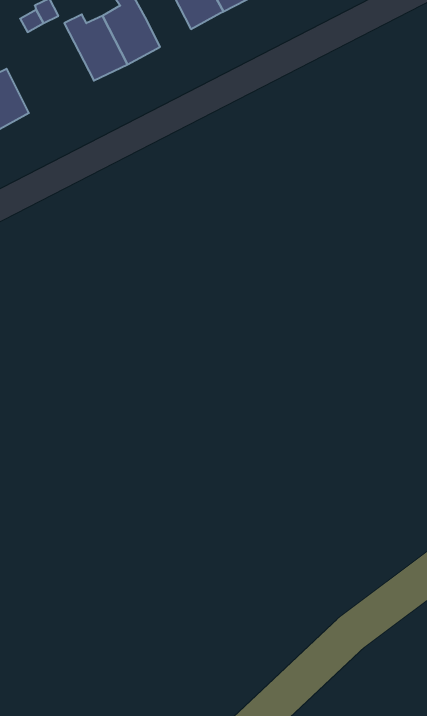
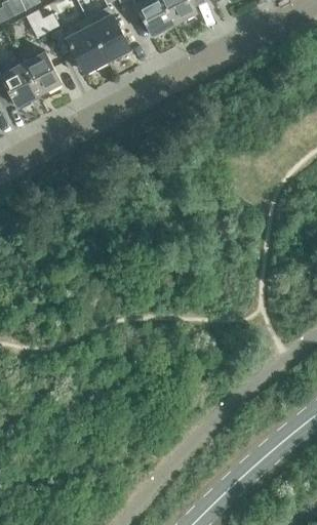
building: none -> [23,50,62,93]

